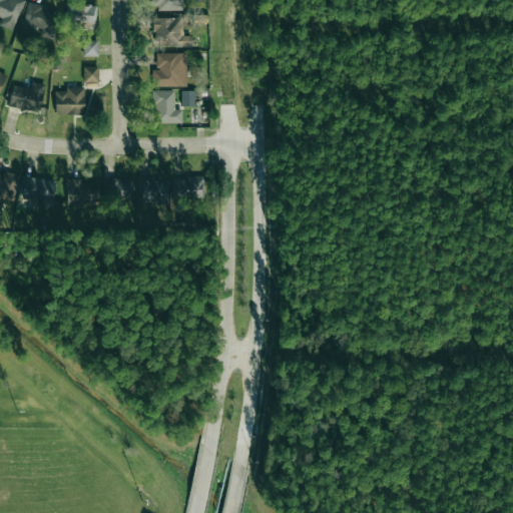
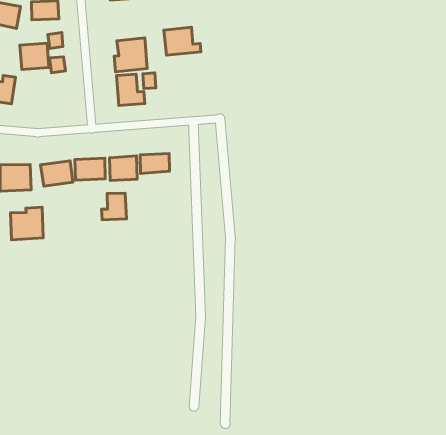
building: [154,18,192,46] -> [164,27,201,55]
building: [56,89,85,115] -> [20,43,49,70]
building: none -> [102,193,126,220]
building: none -> [11,207,43,240]

